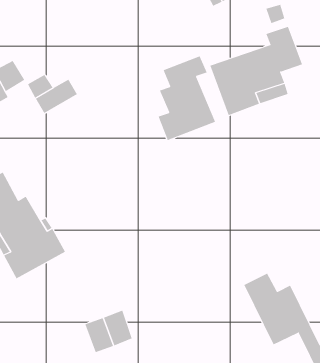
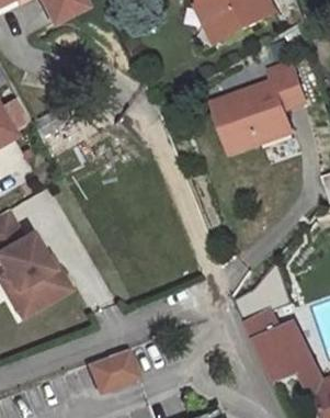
building: [158,56,216,141] -> none

